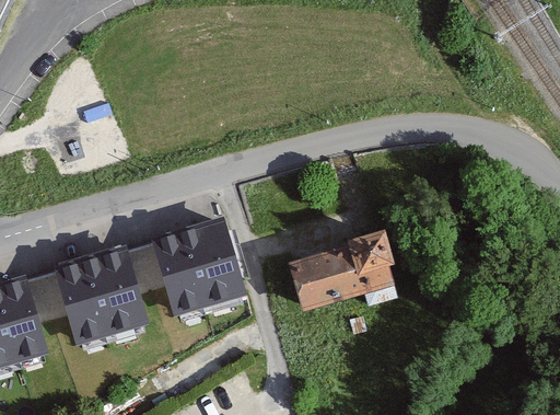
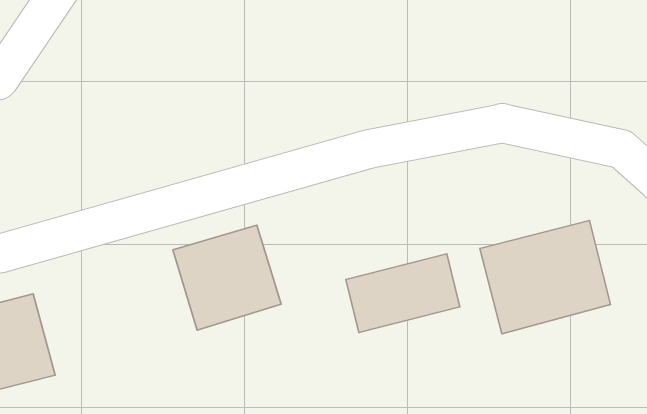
building: none -> [480,221,611,334]
building: [55,249,150,337] -> none

